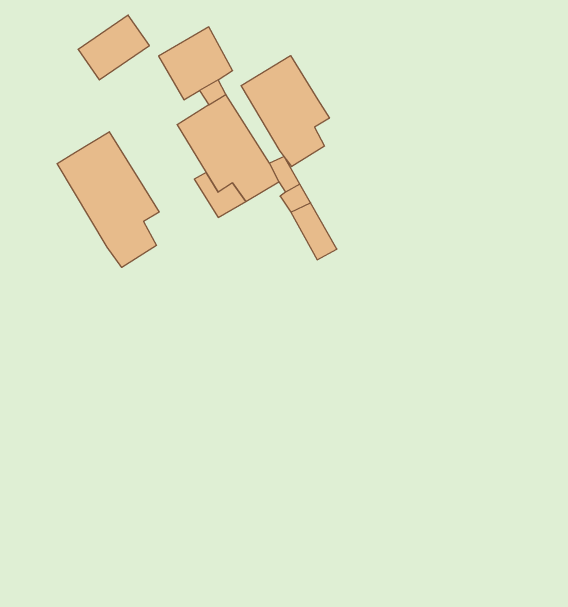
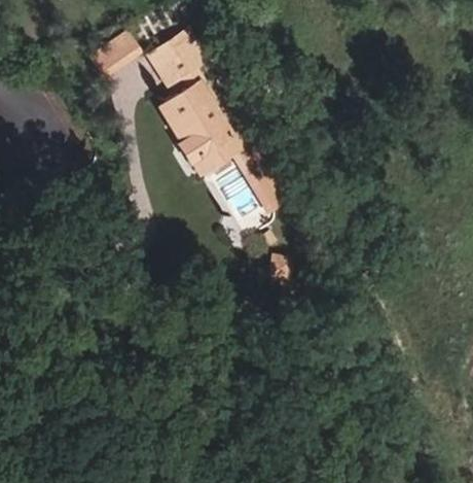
building: [241,56,329,167] -> none
building: [57,132,159,267] -> none

